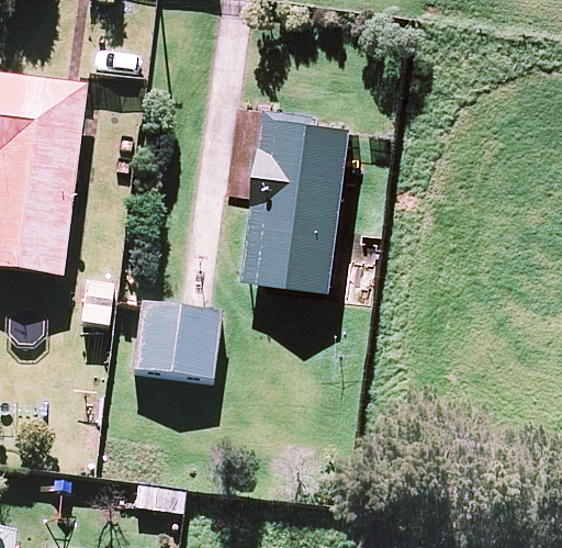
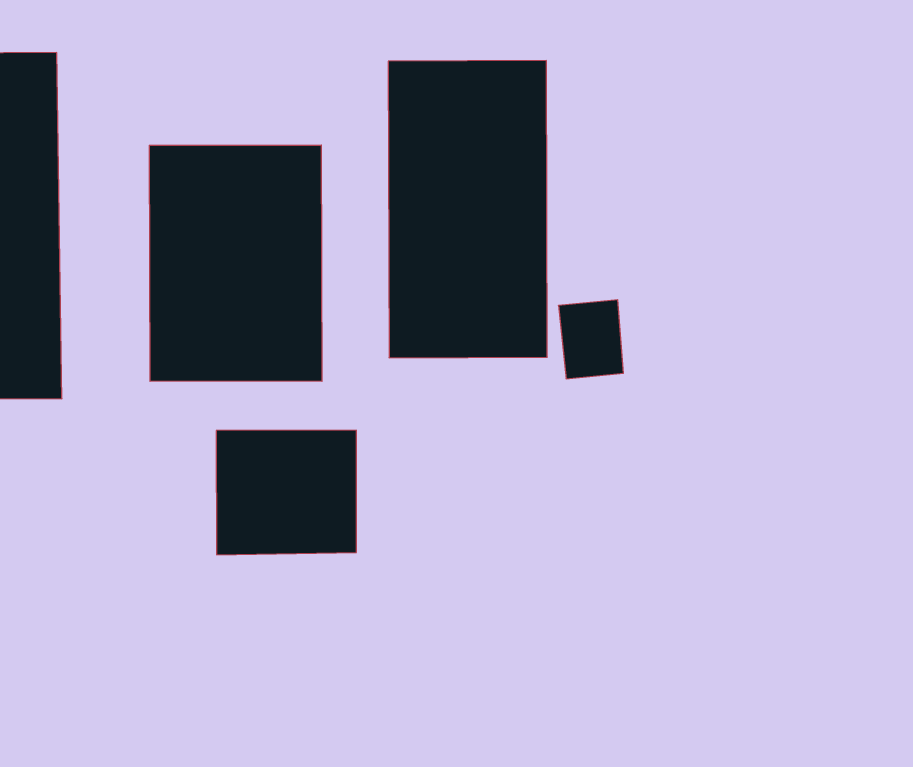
building: none -> [149,145,322,381]

